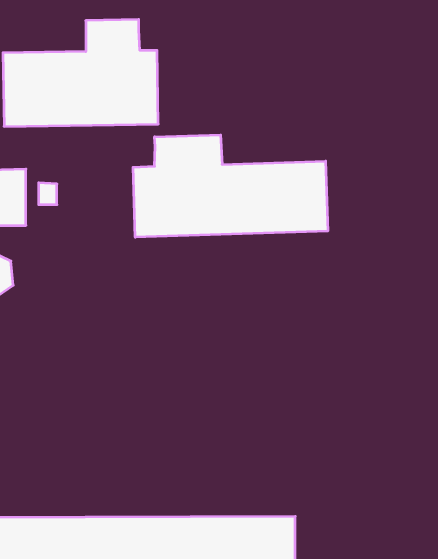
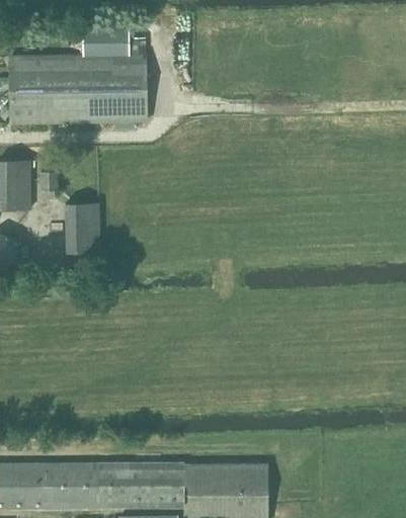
building: [133,135,328,237] -> none
building: none -> [65,202,99,251]

